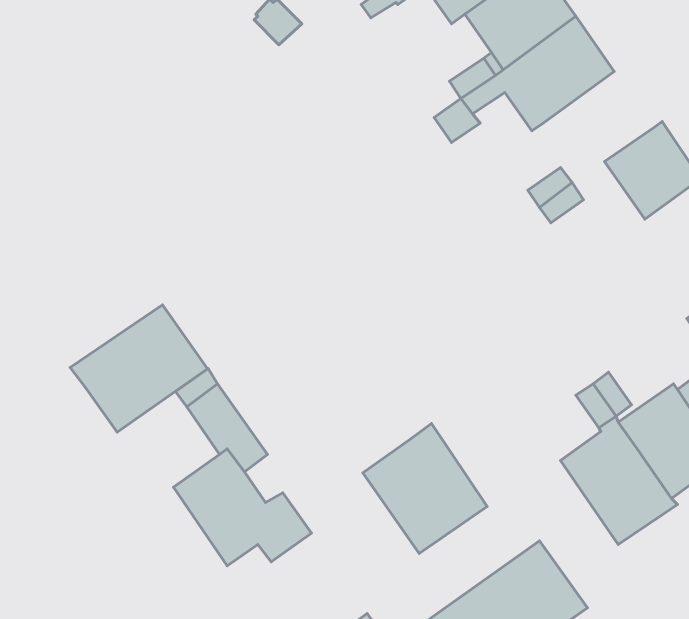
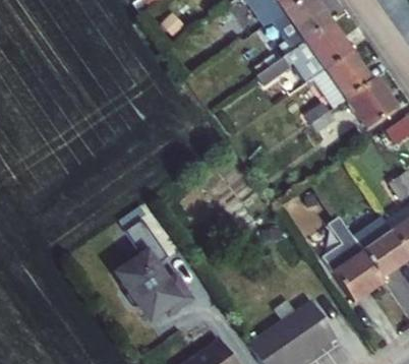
building: none -> [314,51,373,108]
building: [70,305,207,432] -> none
building: [363,424,487,554] -> none

